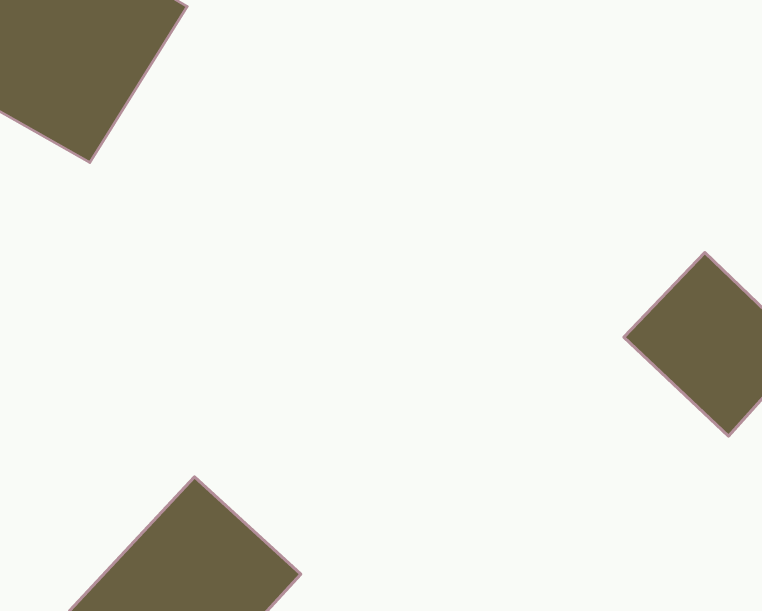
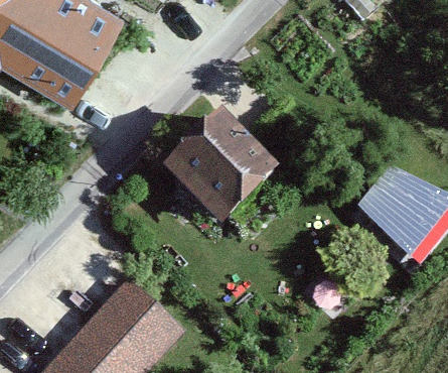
building: none -> [154,111,275,232]

